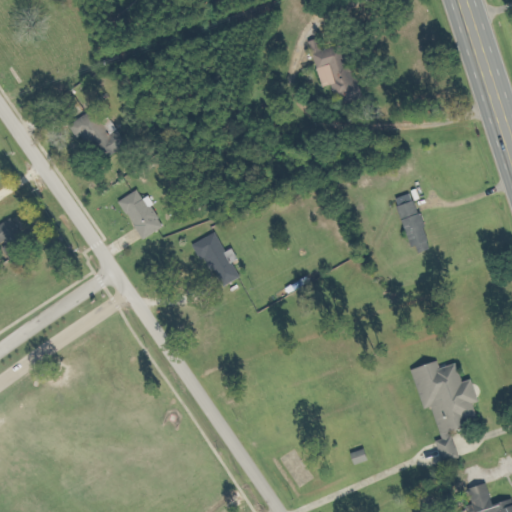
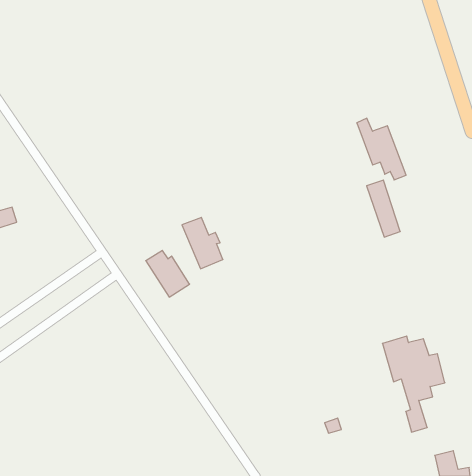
building: [307,37,360,103] -> [357,118,406,180]
building: [69,115,125,159] -> none
building: [117,190,164,240] -> [146,250,190,297]

